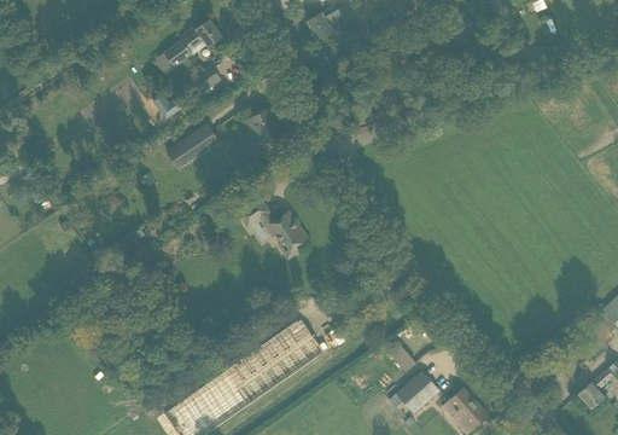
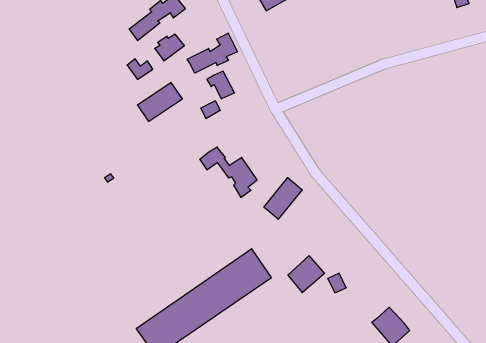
building: none -> [187,33,237,73]
building: none -> [264,178,302,219]
building: [396,370,439,413] -> [288,256,325,293]

